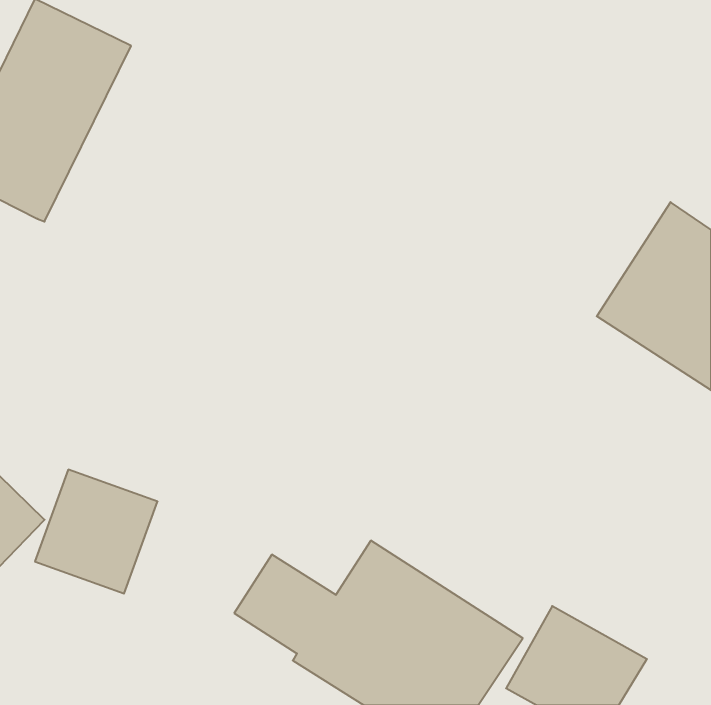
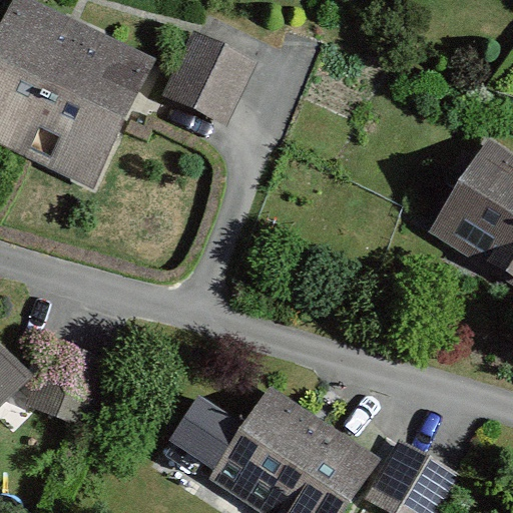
building: none -> [162,30,255,123]
building: none -> [32,33,158,191]

